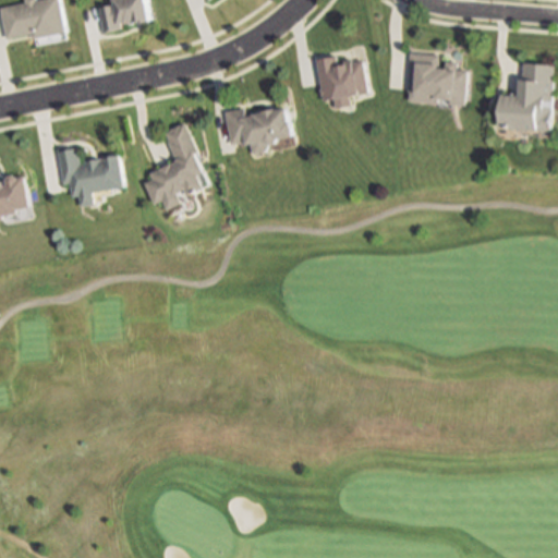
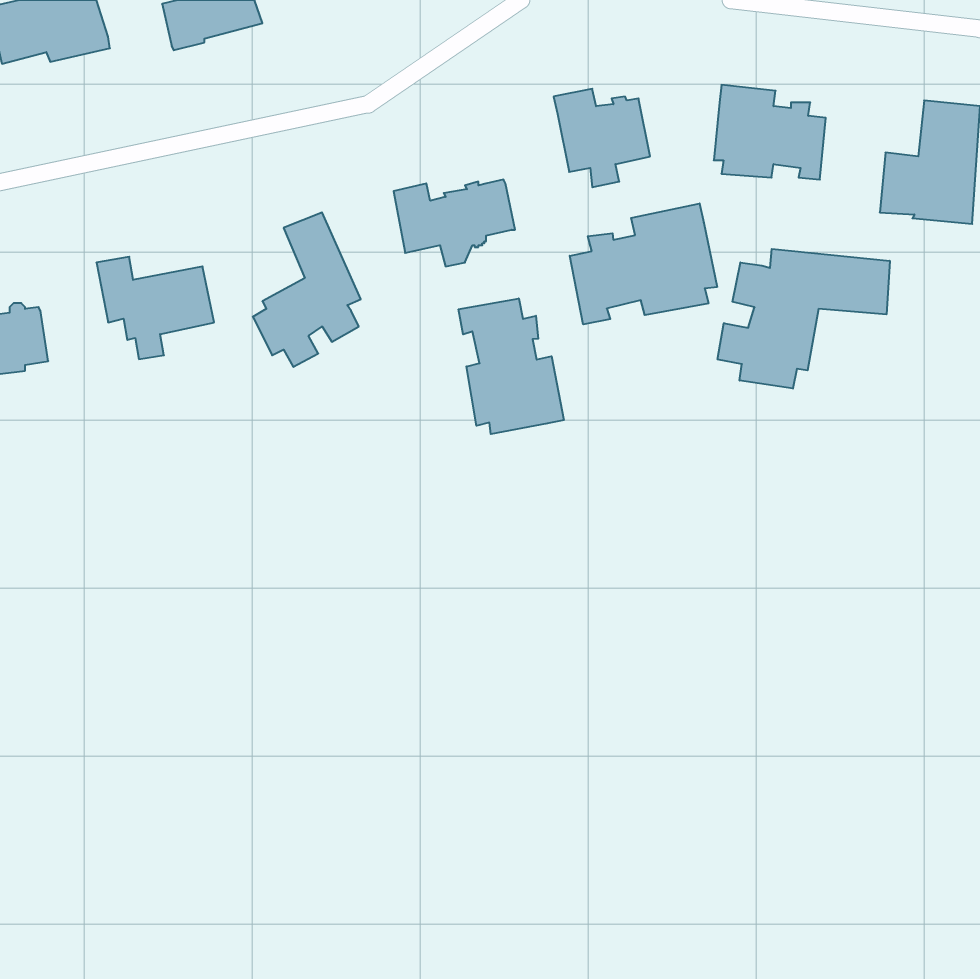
building: none -> [570,203,717,324]
building: none -> [718,249,890,389]
building: none -> [459,298,564,434]

